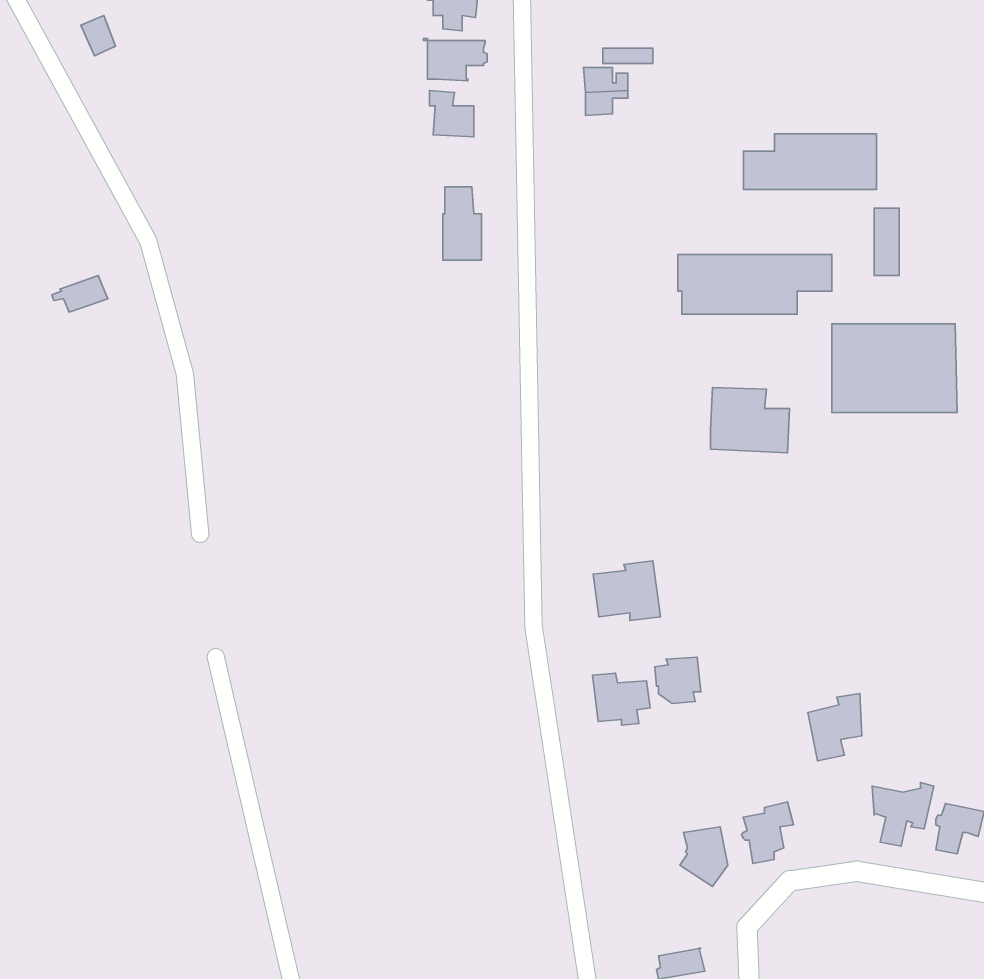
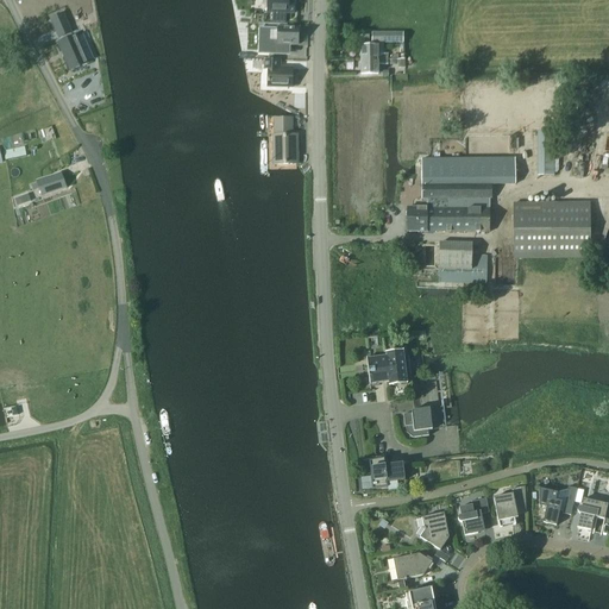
building: none -> [58,32,94,67]
building: [744,134,876,190] -> [408,194,490,228]
building: [593,673,650,725] -> [370,456,406,488]
building: [808,693,862,761] -> [494,483,527,525]
building: none -> [394,551,433,586]

